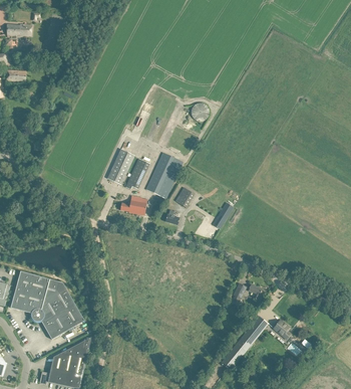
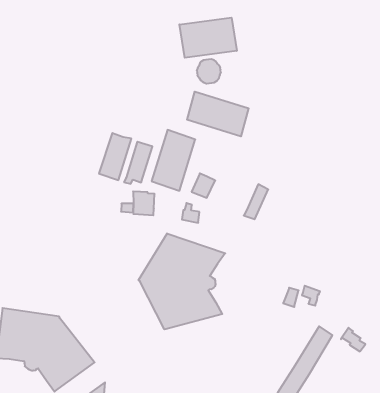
building: none -> [179,18,237,58]
building: none -> [187,92,249,136]
building: none -> [139,233,225,329]

